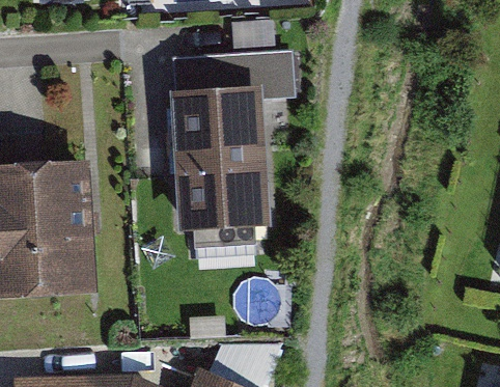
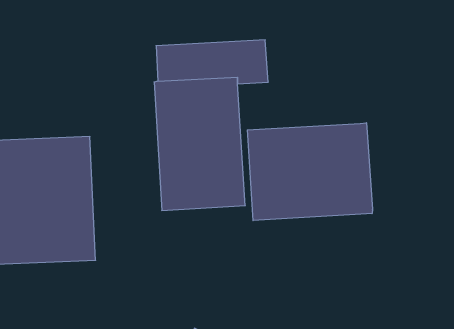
building: none -> [247,123,372,221]

